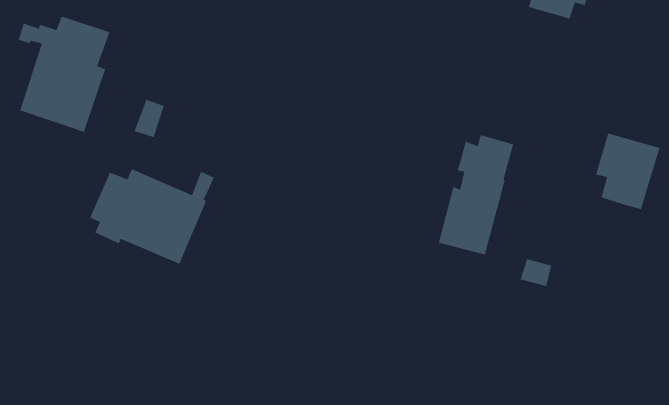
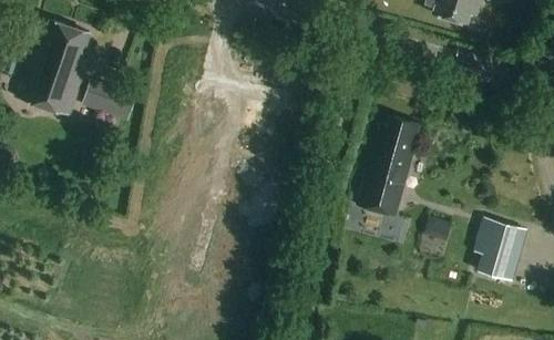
building: none -> [86,74,120,107]
building: [595,133,661,210] -> [474,218,527,281]
building: [89,168,215,265] -> none

